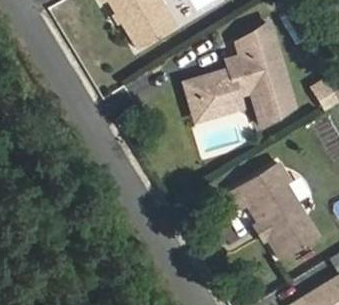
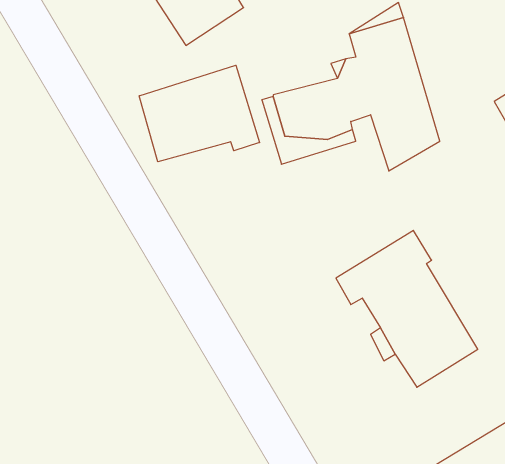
building: none -> [139,65,260,162]

